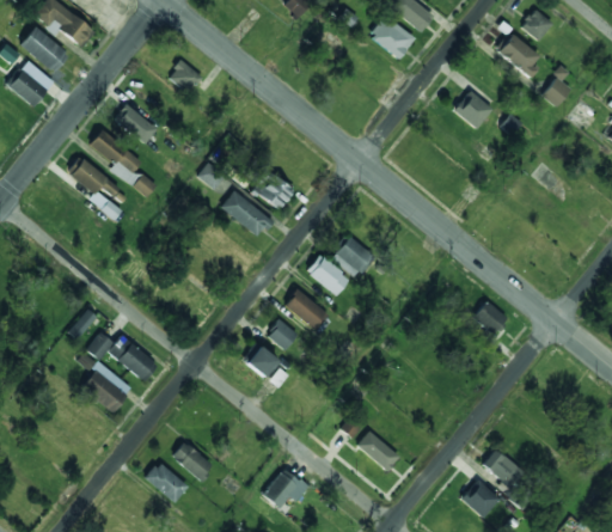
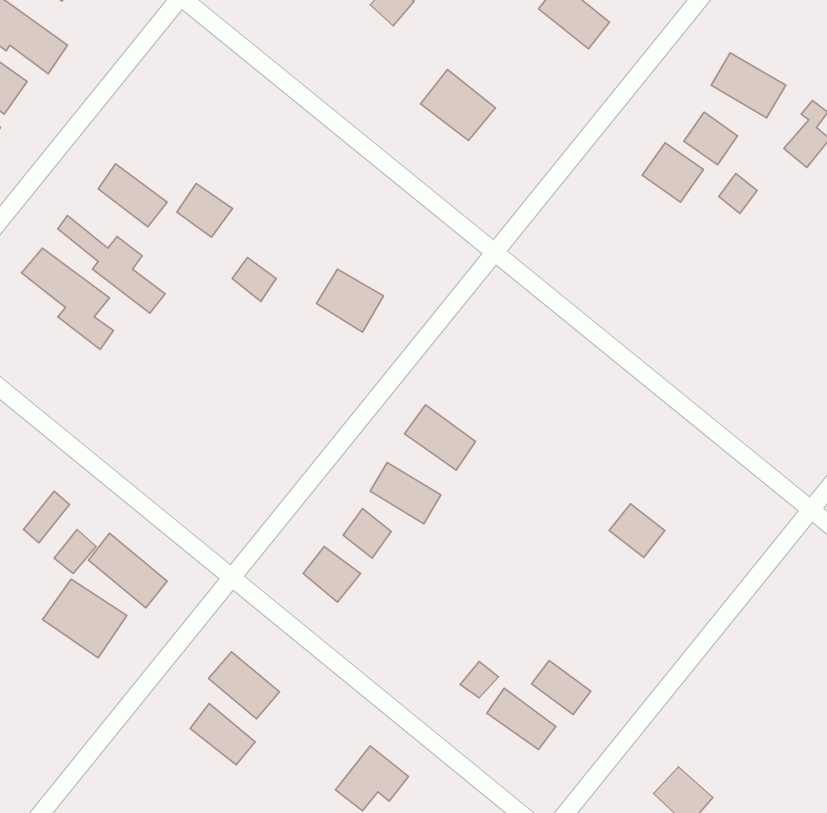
building: [521,10,552,41] -> none
building: [369,14,416,59] -> [421,70,495,140]
building: [169,60,203,93] -> [177,184,232,237]
building: none -> [684,112,738,165]
building: [221,190,273,238] -> none
building: [330,234,375,279] -> none
building: [473,301,508,335] -> [609,504,665,557]
building: none -> [532,660,591,715]
building: [483,450,525,495] -> none
building: [145,461,189,503] -> [209,652,280,719]

